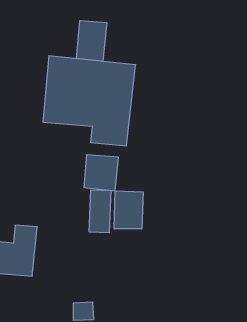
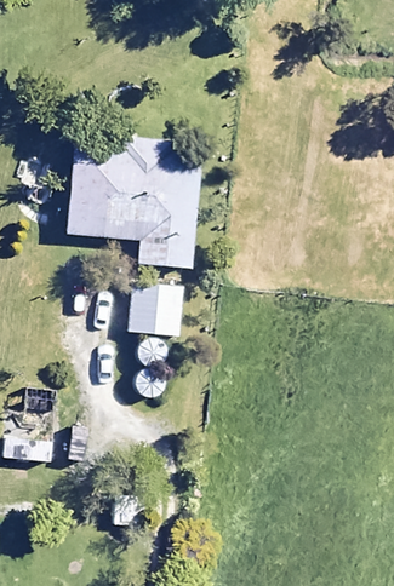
building: [77,21,107,61] -> none
building: [114,191,143,229] -> none

